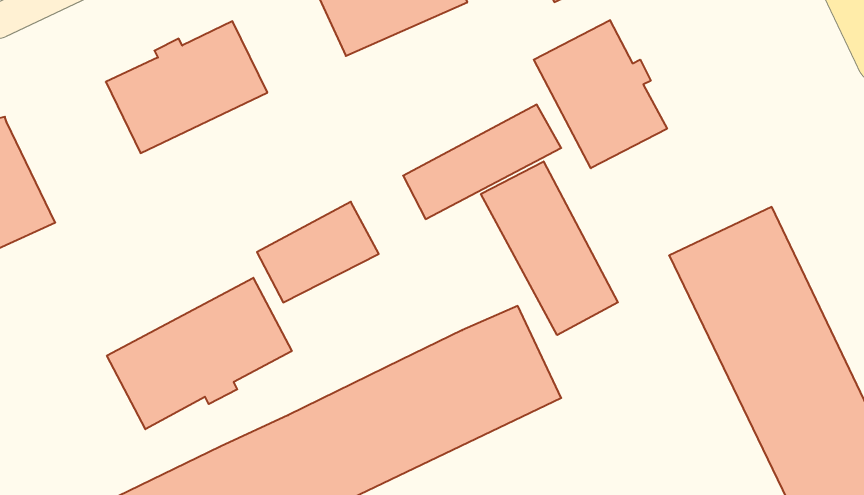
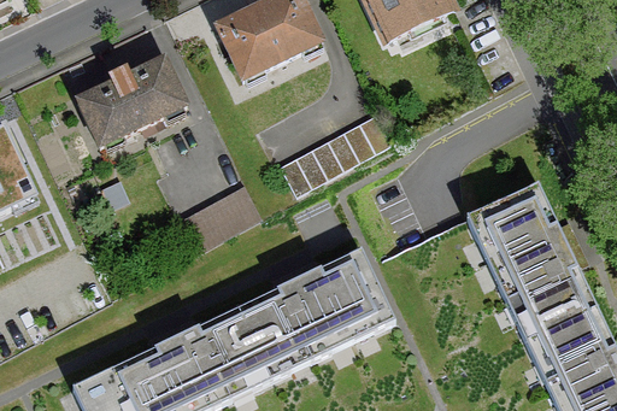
building: [534,20,667,168] -> none
building: [481,161,618,335] -> none
building: [107,278,292,429] -> none

